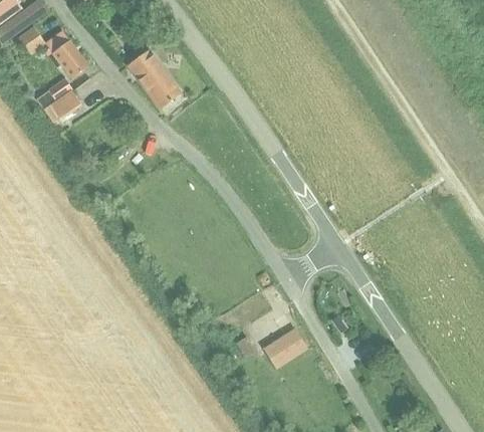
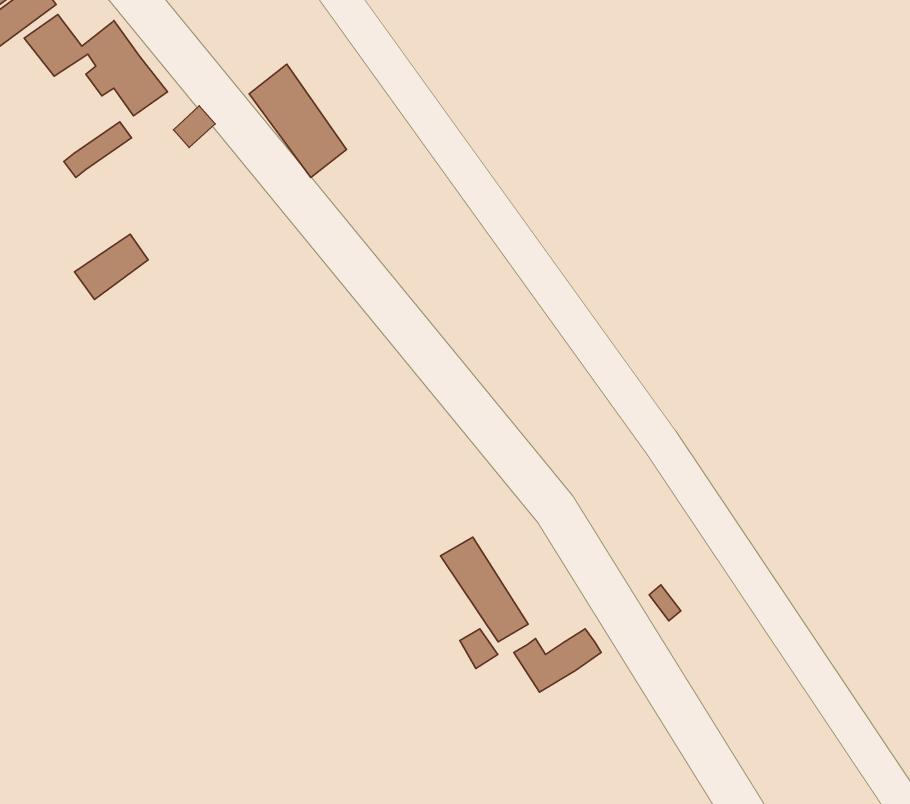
building: [43,89,80,123] -> [74,234,148,300]
building: none -> [441,537,528,642]

